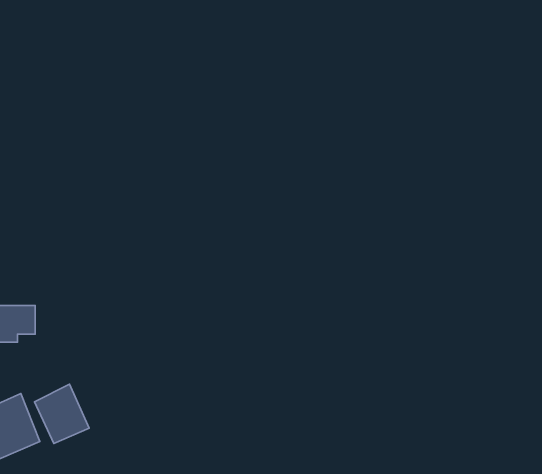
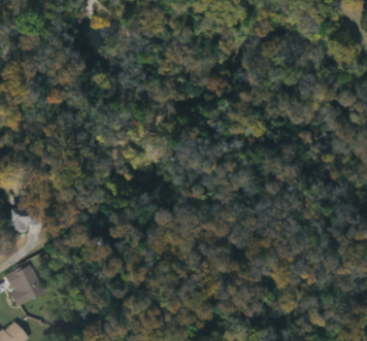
building: [35,384,89,444] -> none

